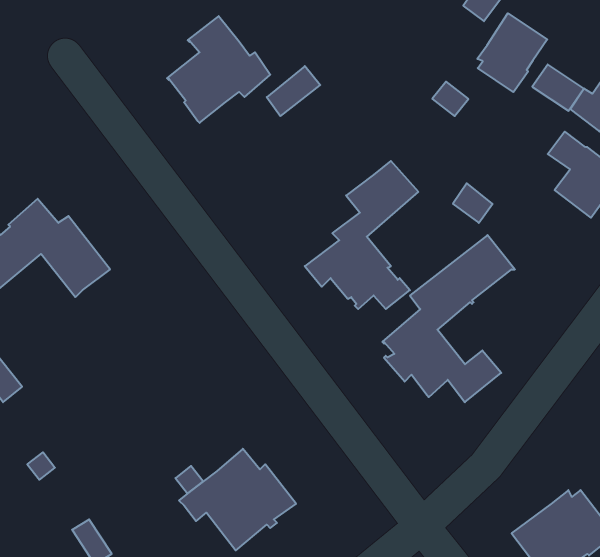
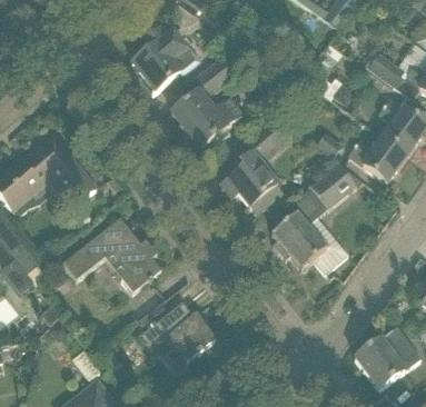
building: [477,13,547,92] -> none
building: none -> [171,91,244,147]
building: none -> [349,135,406,181]
building: none -> [63,217,161,290]

